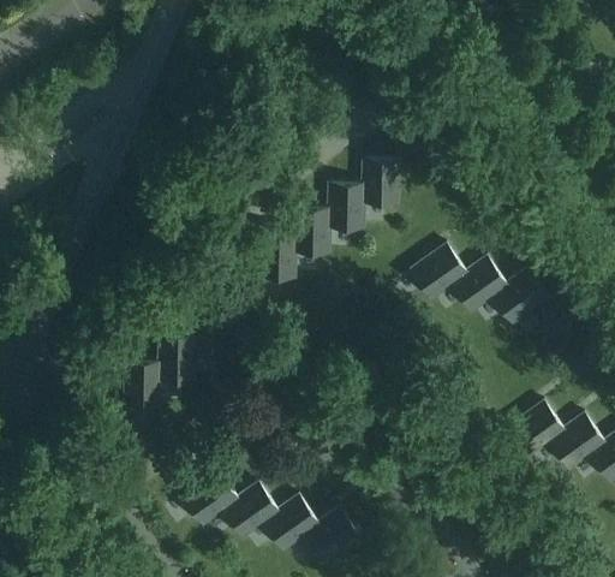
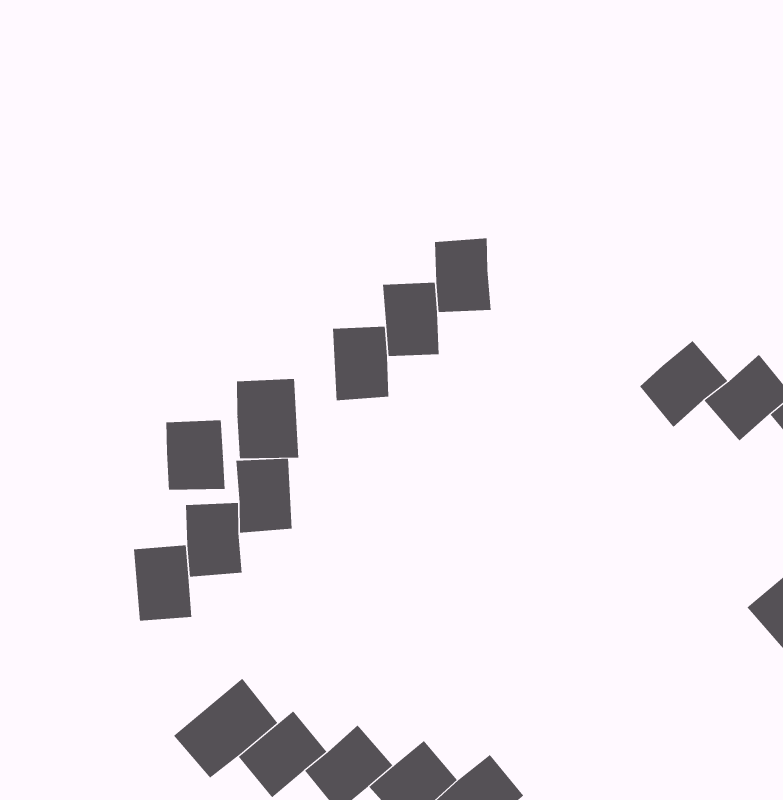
building: [363,159,398,204] -> none
building: [411,246,467,299] -> none
building: none -> [236,378,299,459]
building: none -> [166,419,225,491]
building: none -> [173,678,278,779]

